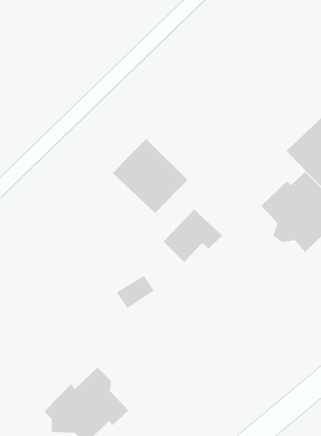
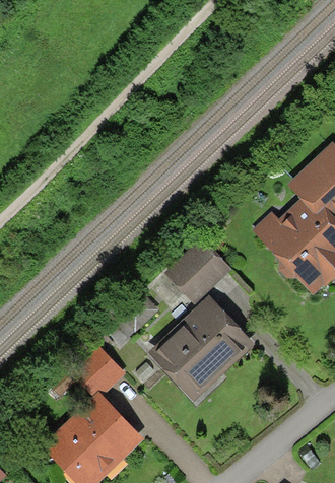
building: [112,138,188,214] -> none
building: none -> [153,307,246,394]
building: none -> [73,348,120,394]

